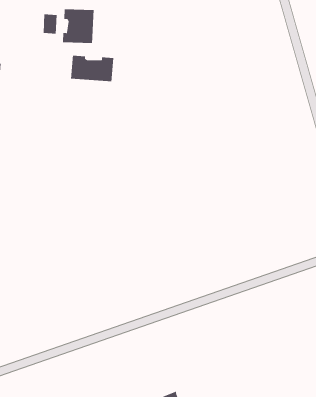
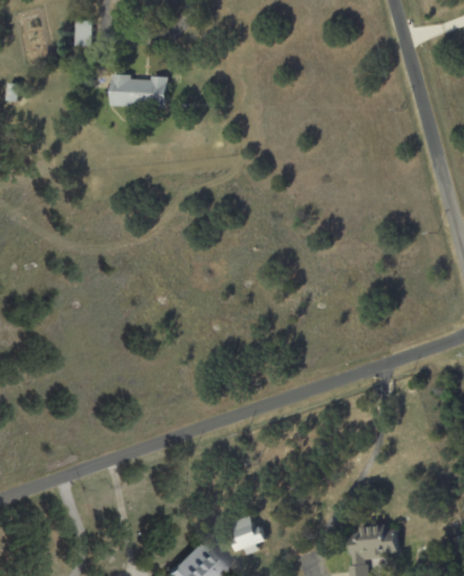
building: [63,8,94,44] -> none

